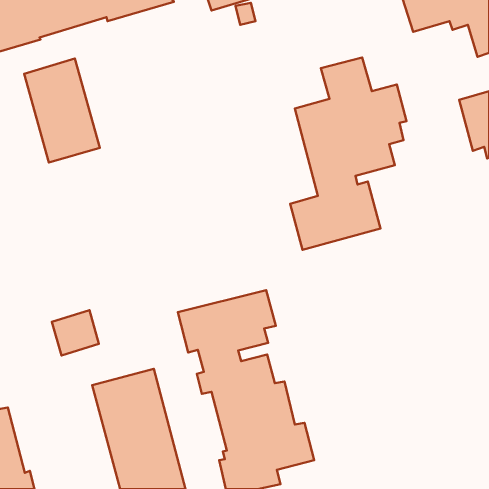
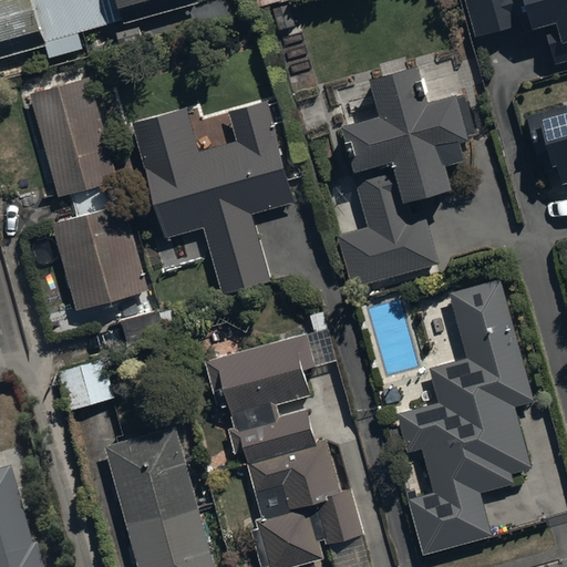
building: none -> [132,102,295,295]
building: none -> [53,204,148,308]
building: none -> [398,281,534,553]

